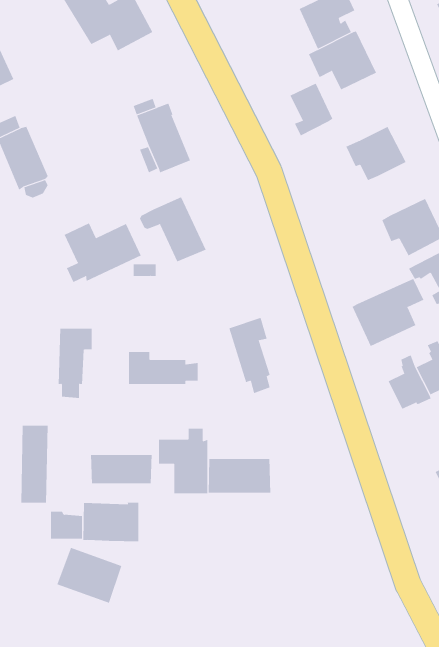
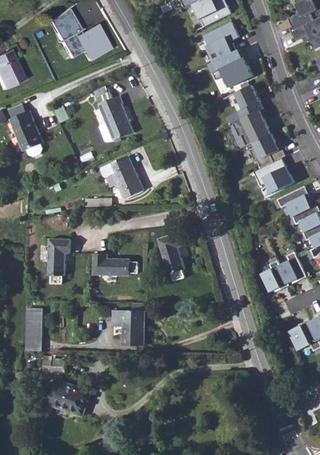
building: [290,83,333,136] -> [234,85,262,119]
building: none -> [249,133,285,167]
building: [64,223,142,283] -> none
building: [352,278,424,347] -> none
building: [91,454,152,484] -> none
building: [208,458,271,493] -> none
building: [83,502,139,542] -> none

